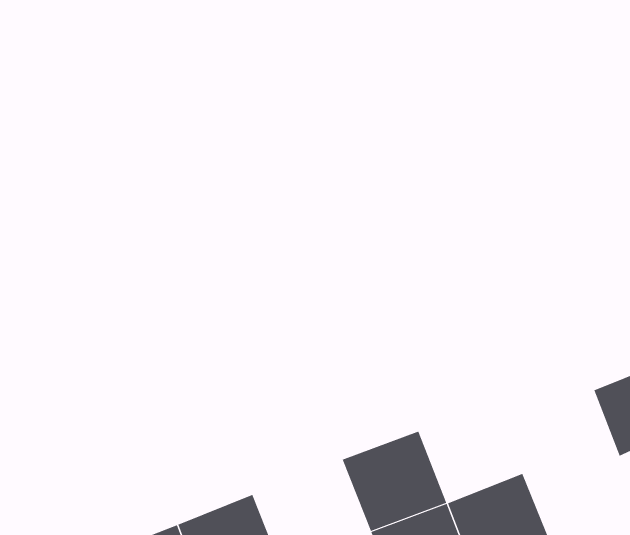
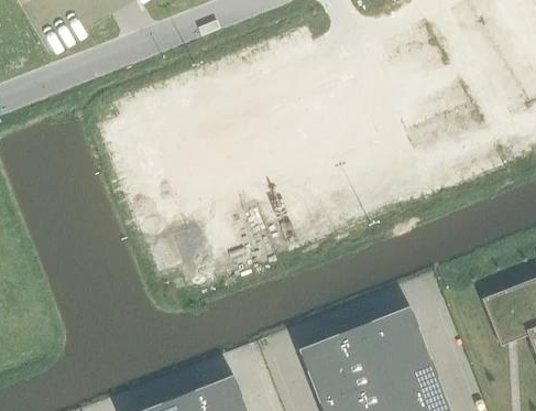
building: none -> [353,307,429,382]

